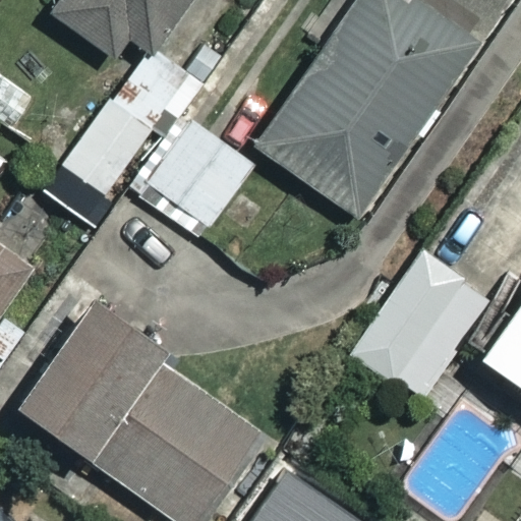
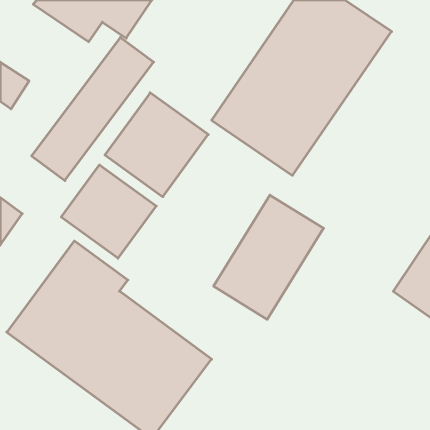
building: none -> [61,165,156,258]
building: [354,249,485,398] -> [214,195,324,319]

